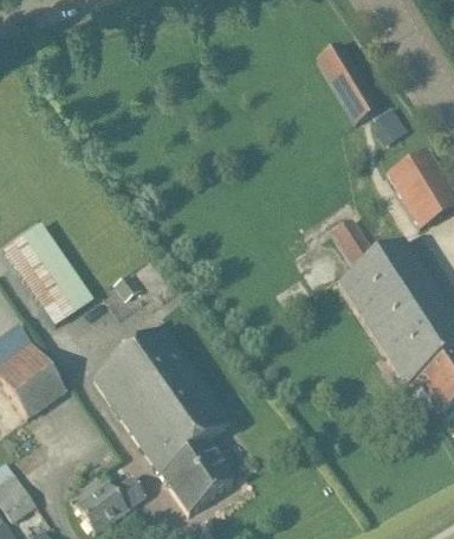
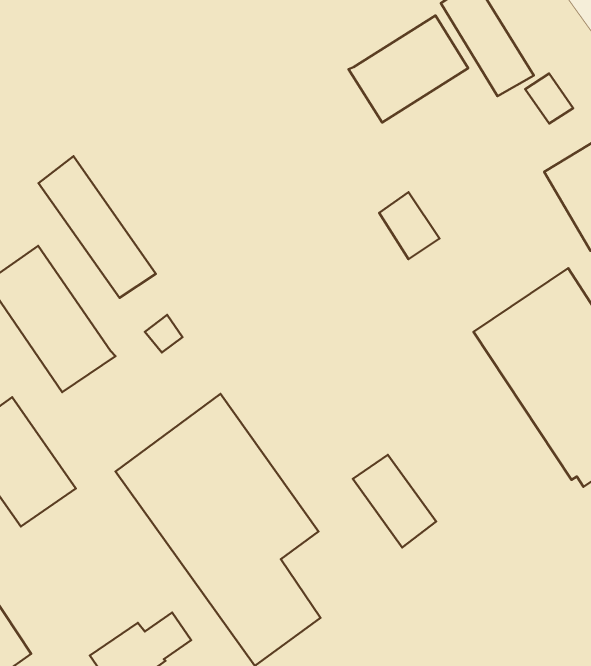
building: none -> [348,15,468,123]
building: none -> [38,156,156,298]
building: [331,218,372,264] -> [379,192,439,259]
building: none -> [353,455,436,547]

